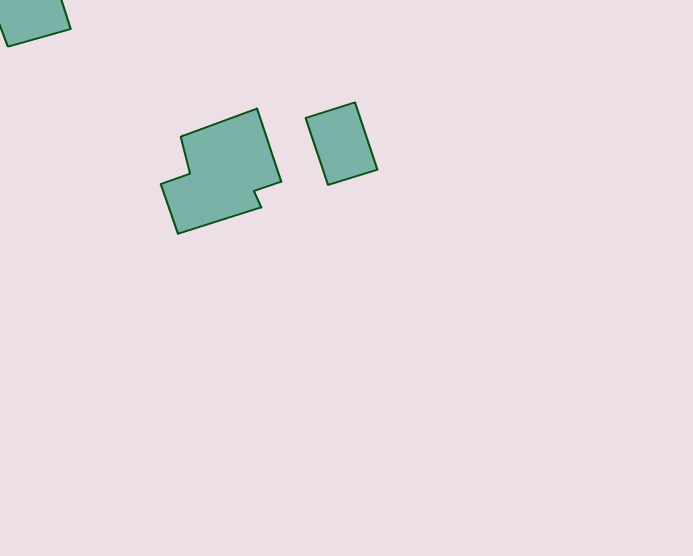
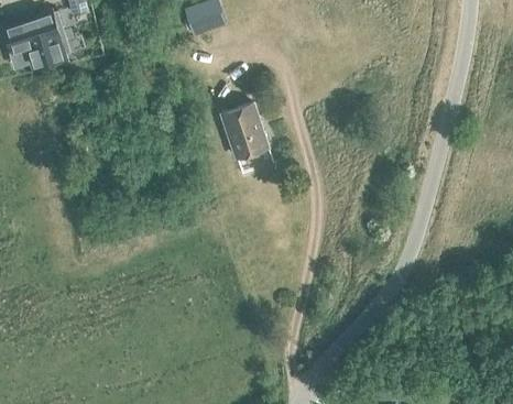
building: [161,108,281,234] -> none

